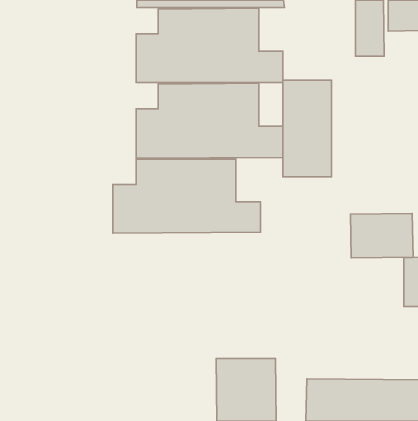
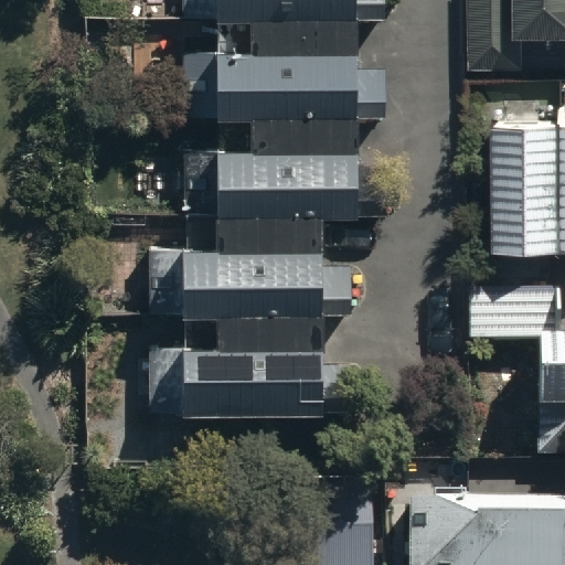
building: [283,80,331,177] -> [492,128,557,257]
building: none -> [156,313,353,413]

